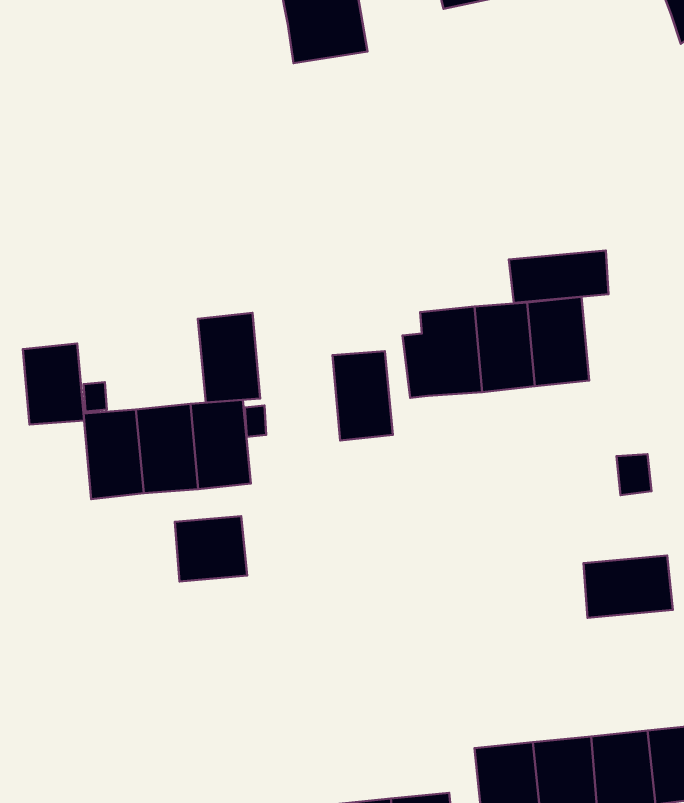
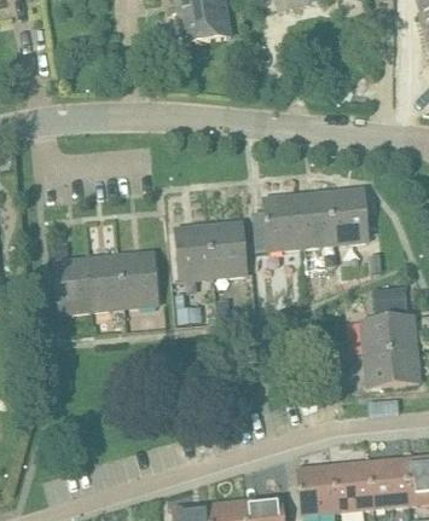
building: [509,251,609,303] -> none
building: [198,313,260,402] -> [174,224,213,279]
building: [23,343,84,425] -> none
building: none -> [360,314,416,353]
building: [175,516,247,582] -> none

